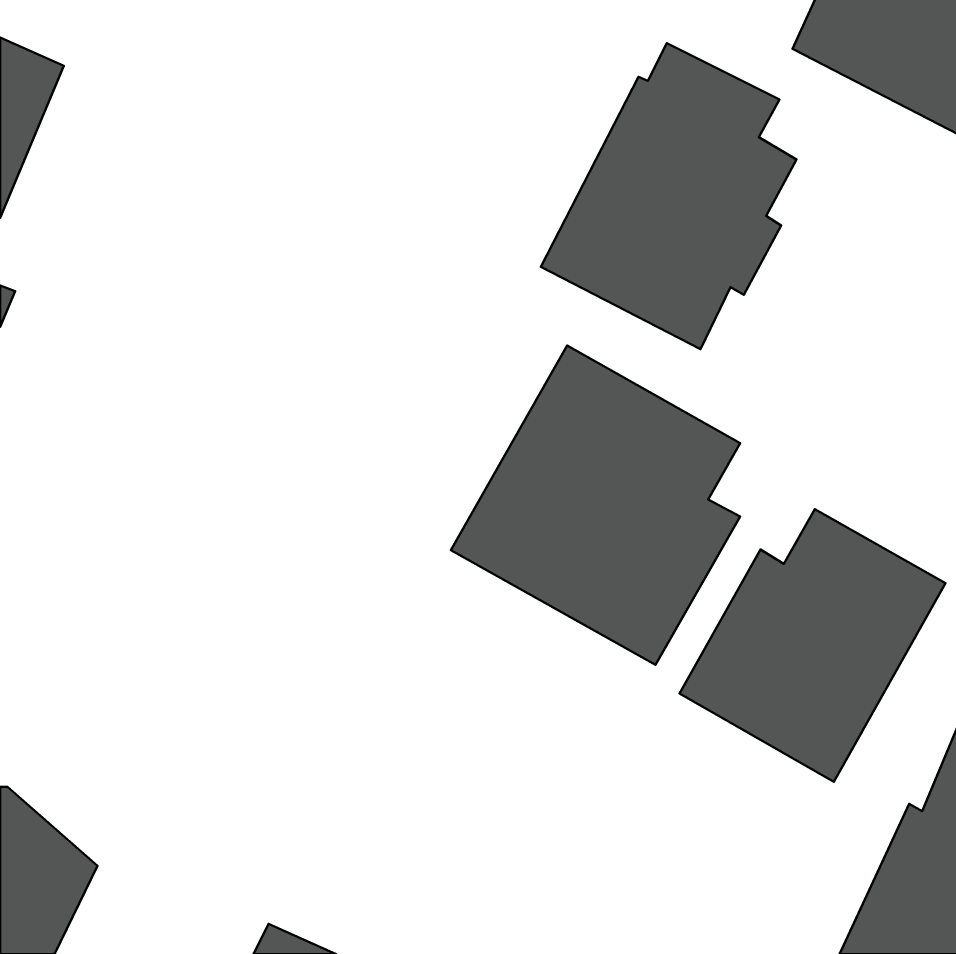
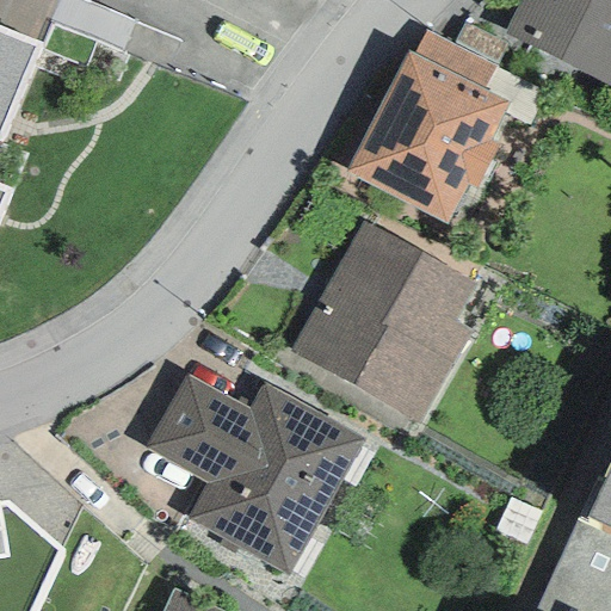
building: [680,509,946,782] -> none
building: none -> [144,374,366,574]

